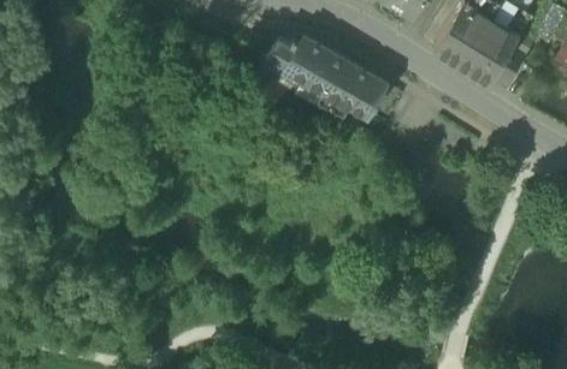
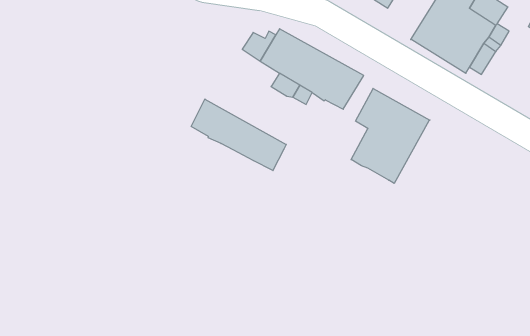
building: none -> [351,88,430,183]
building: none -> [191,99,286,171]

